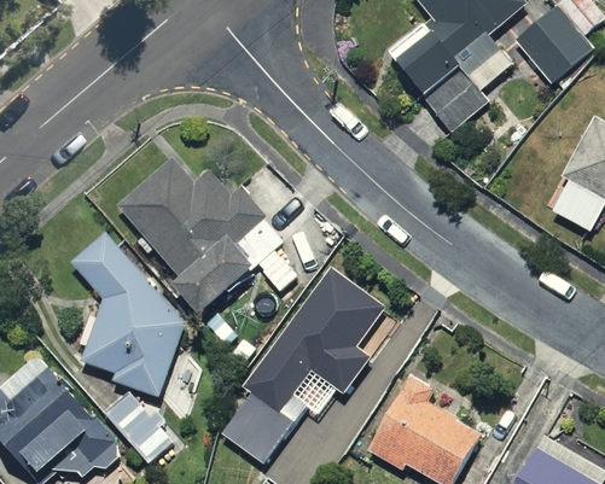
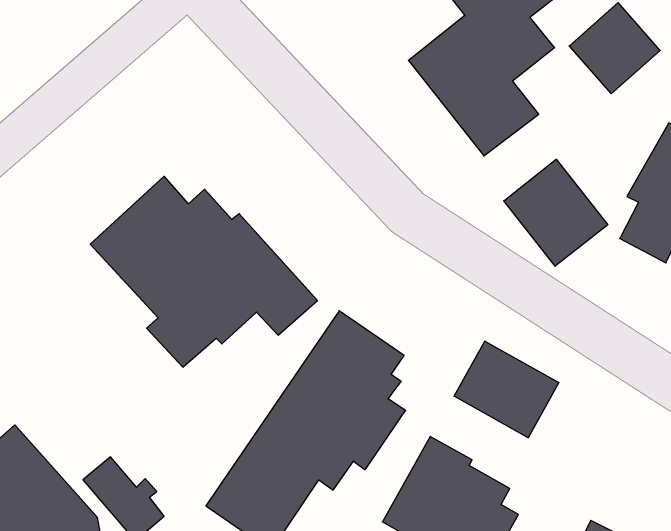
building: none -> [504,159,608,266]
building: [72,231,187,395] -> none
building: none -> [454,341,559,438]

